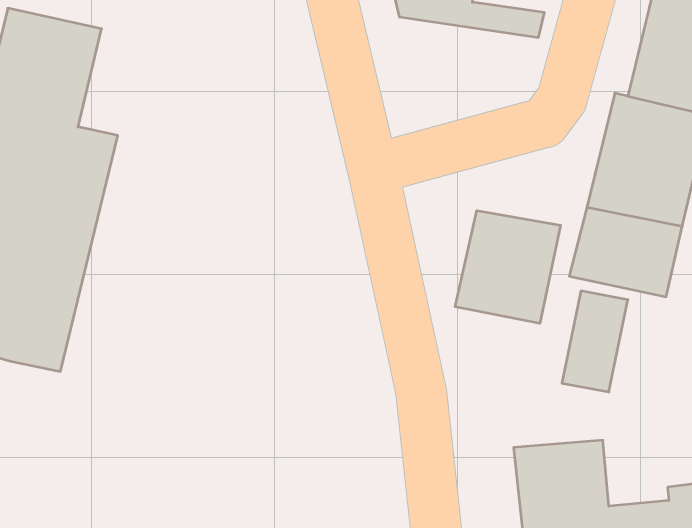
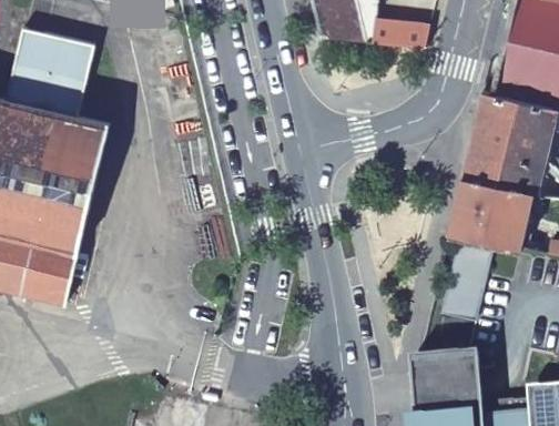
building: [455,211,561,323] -> none

